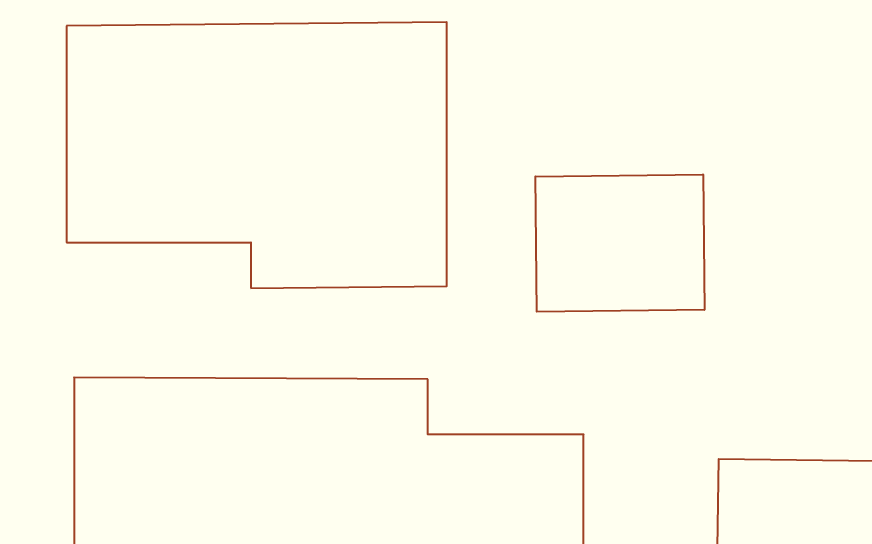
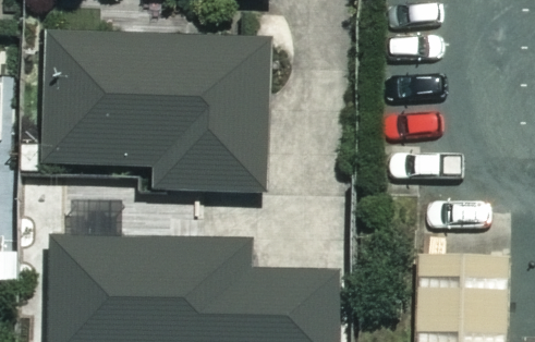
building: [535,174,704,312] -> none

